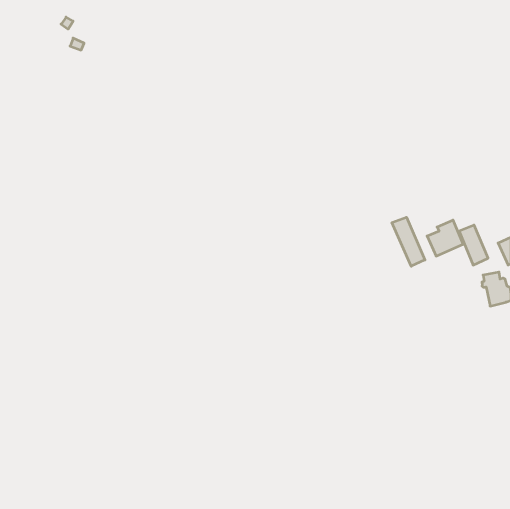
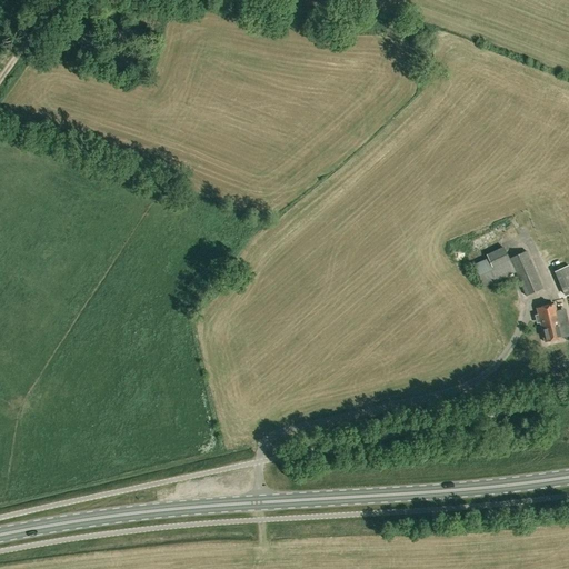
building: [392,217,425,266] -> none

